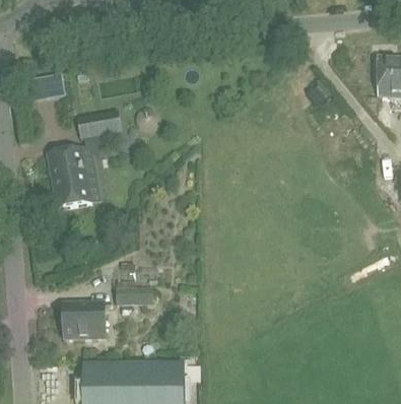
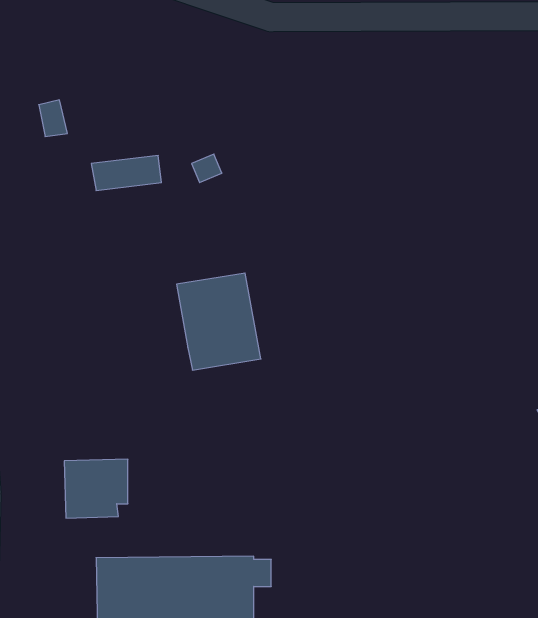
building: [46,144,99,206] -> [177,273,261,370]
building: [116,284,150,302] -> none

